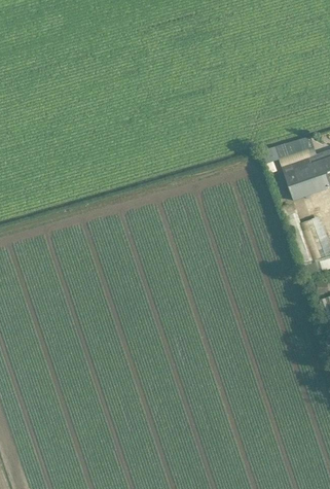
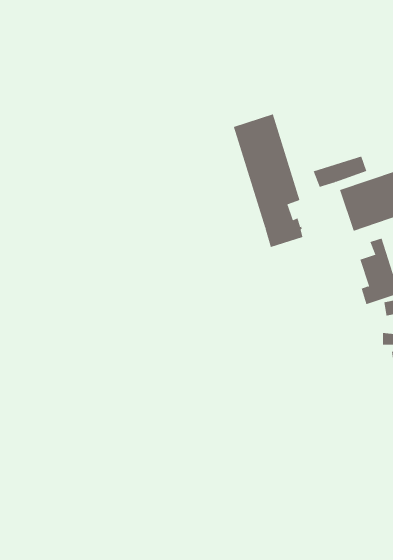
building: none -> [233,114,303,248]

